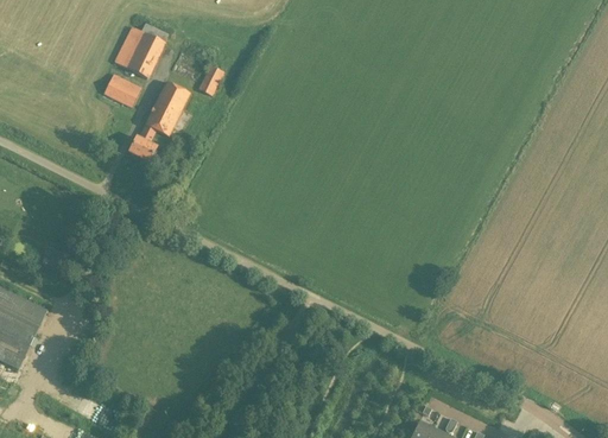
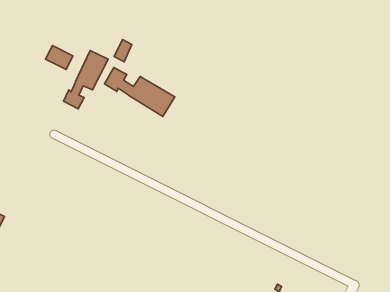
building: [114,26,164,78] -> none
building: none -> [105,67,175,116]

